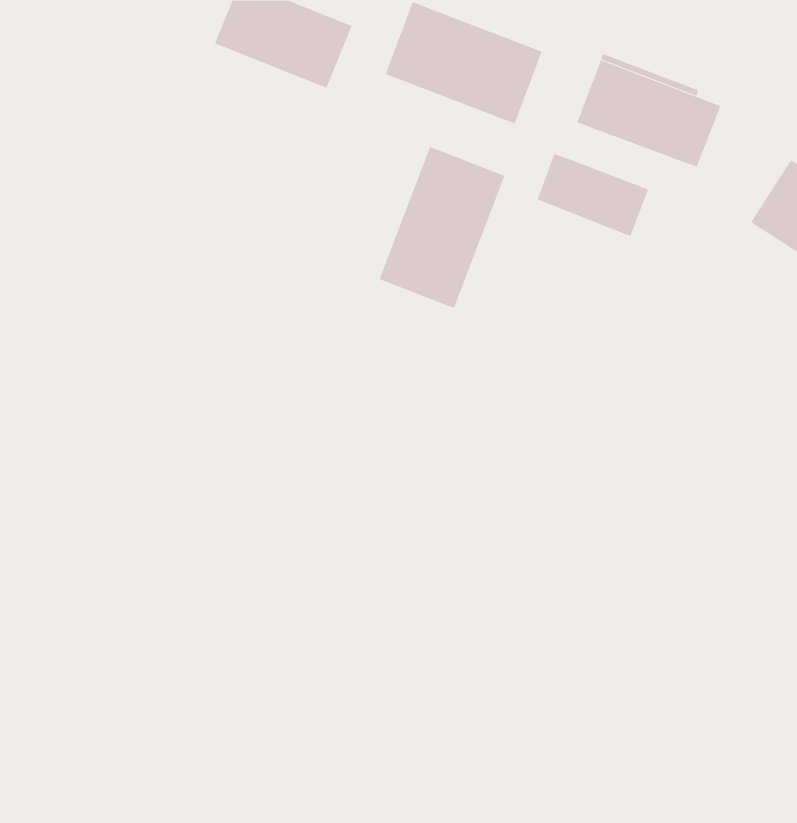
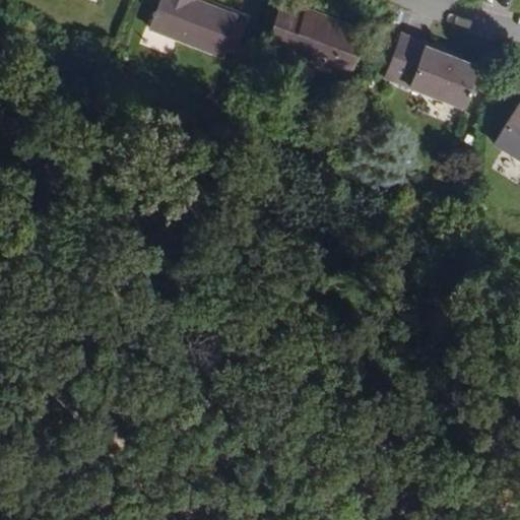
building: [379,146,505,309] -> none
building: [537,153,649,237] -> none

